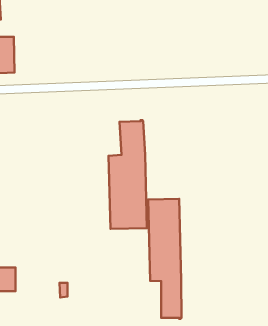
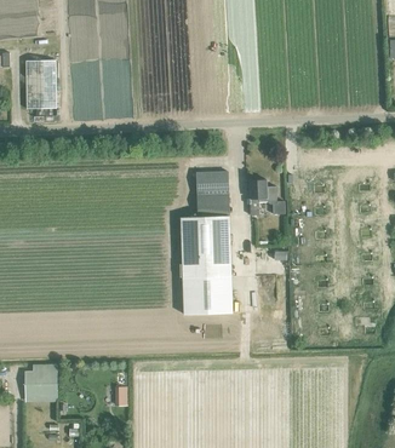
building: none -> [248,180,276,216]
building: [148,199,181,319] -> none

